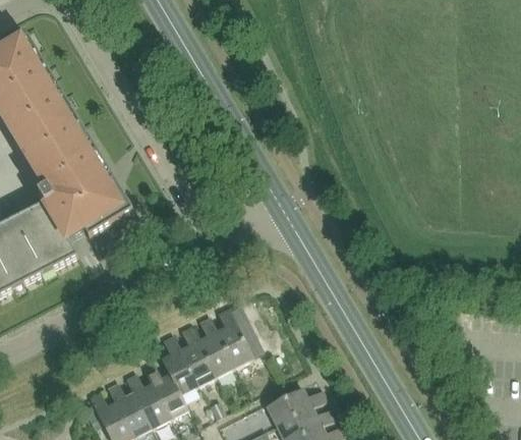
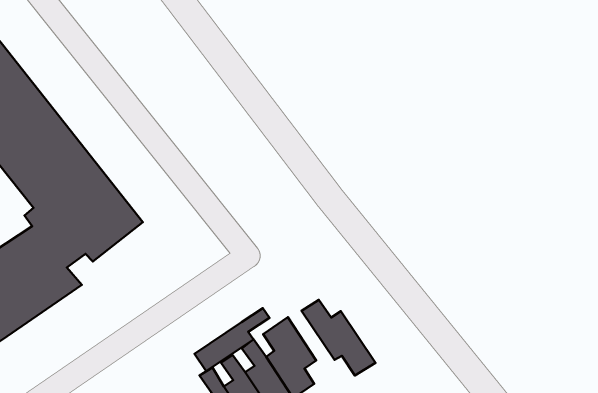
building: none -> [302,300,376,375]
building: none -> [194,308,269,371]

